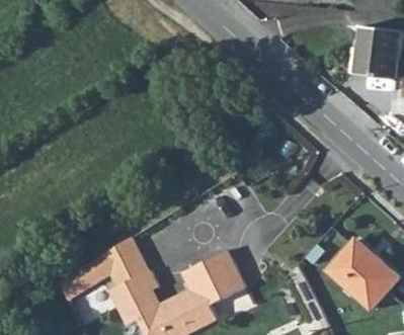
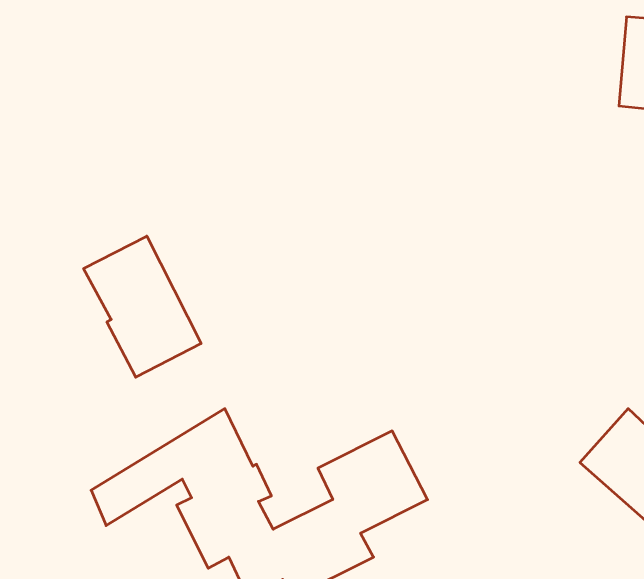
building: none -> [84,236,201,377]

